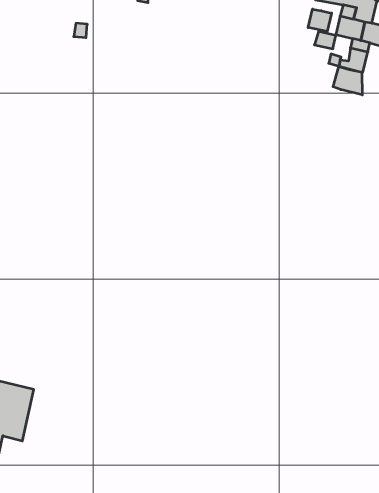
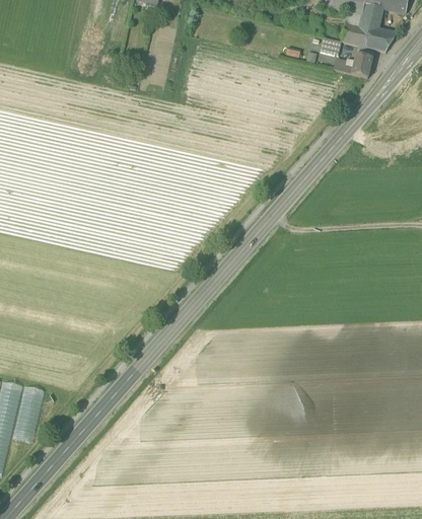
building: [308,9,332,31] -> none
building: [333,66,362,95] -> none

